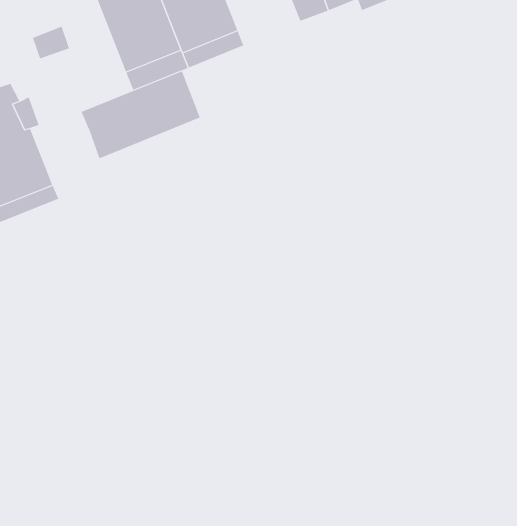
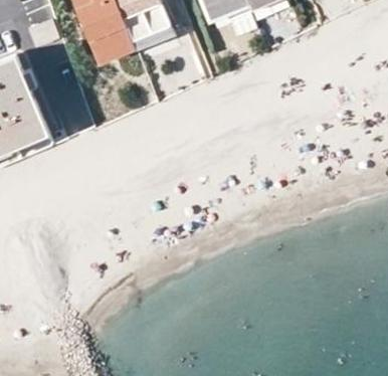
building: [81,71,201,159] -> none

